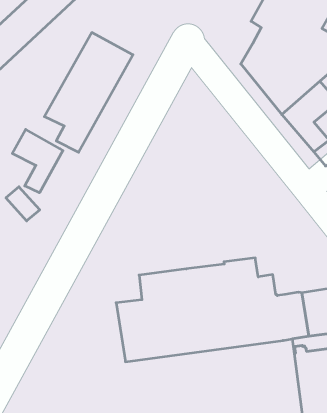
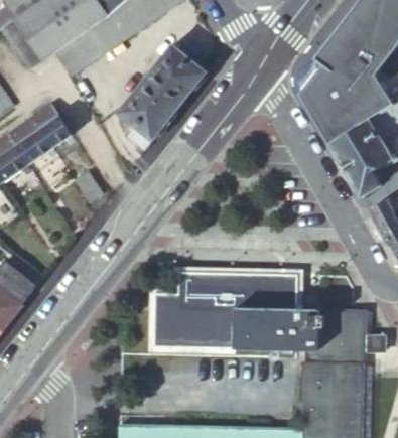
building: [12,129,63,193] -> none

